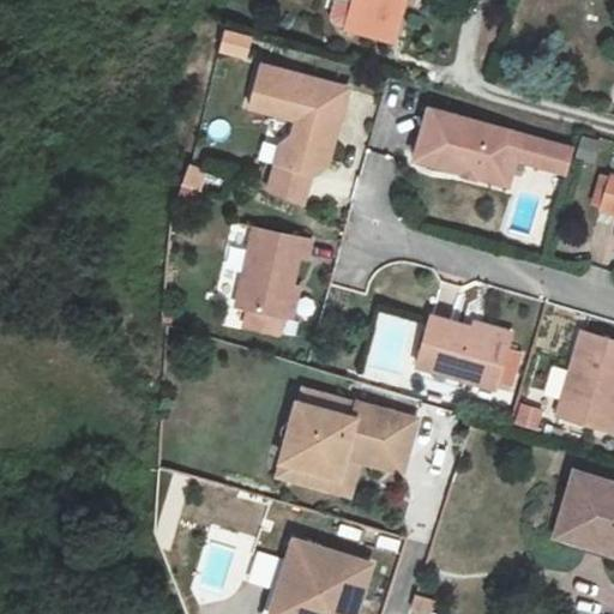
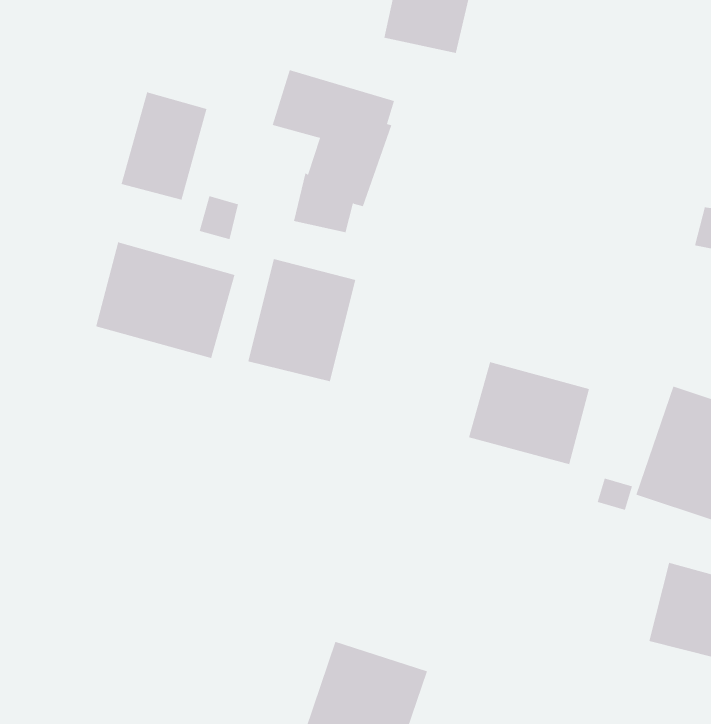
building: none -> [121,91,207,201]
building: [411,106,572,183] -> none
building: none -> [95,242,235,359]
building: [279,404,420,496] -> none

